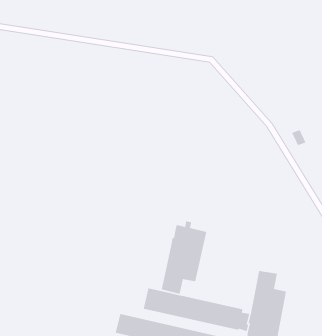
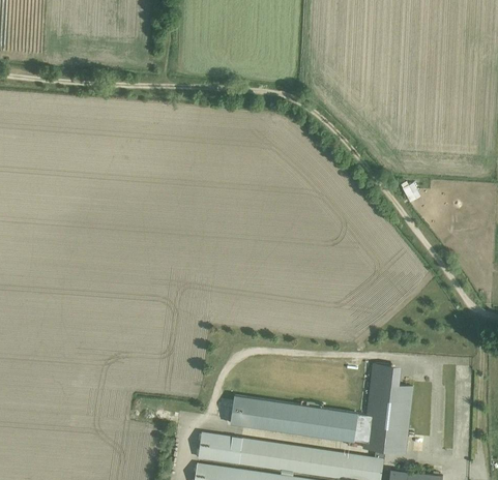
building: [161,221,207,295] -> none

